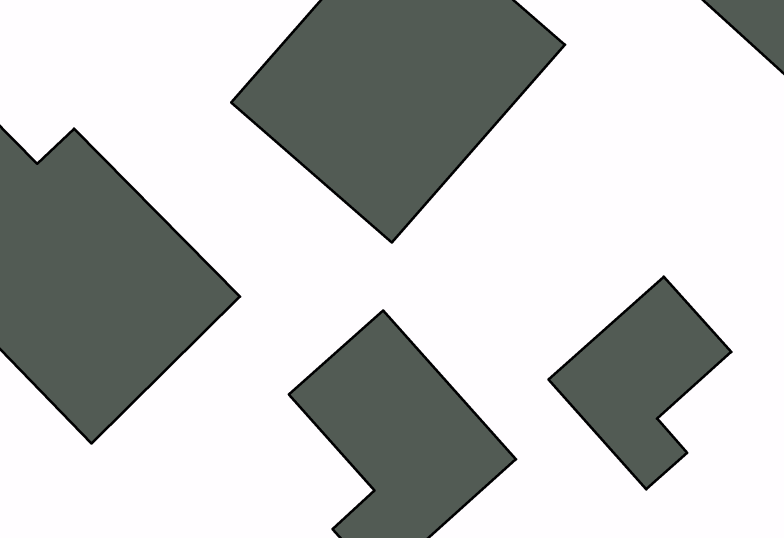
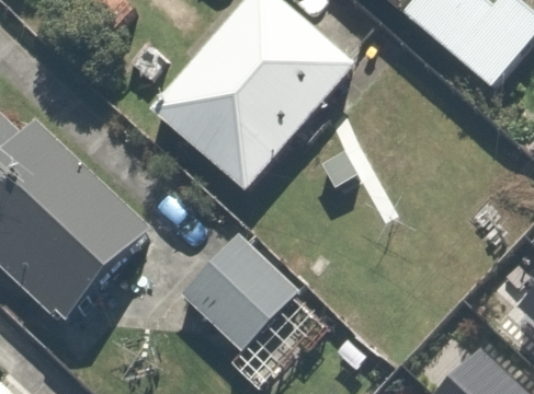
building: [549,277,731,489] -> none

